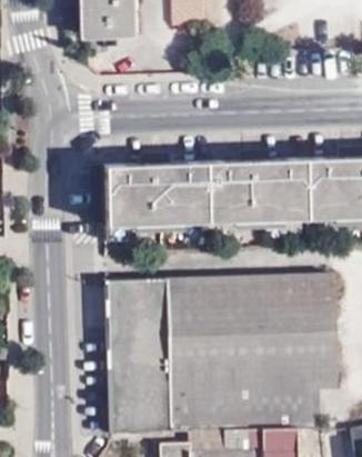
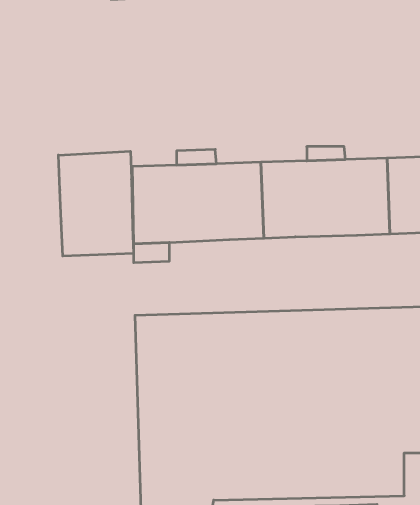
building: none -> [58,151,134,256]

